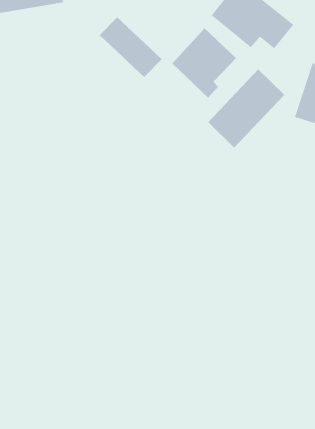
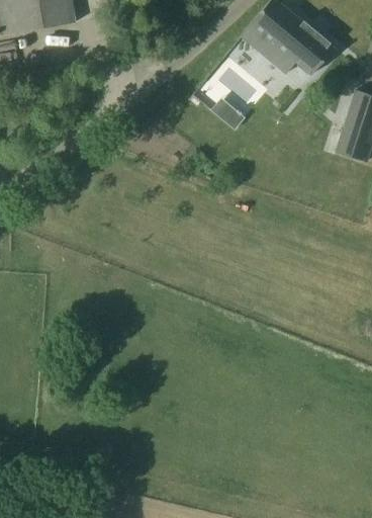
building: [99,17,162,78] -> none
building: [207,68,285,148] -> none

